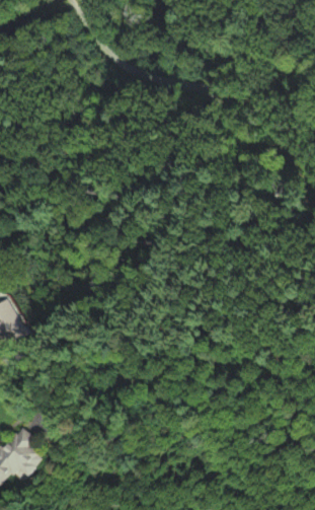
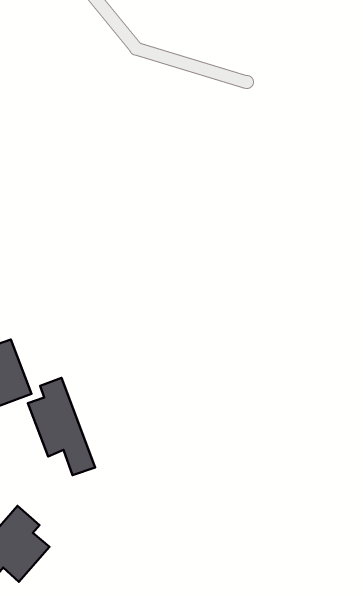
building: none -> [28,378,95,475]

